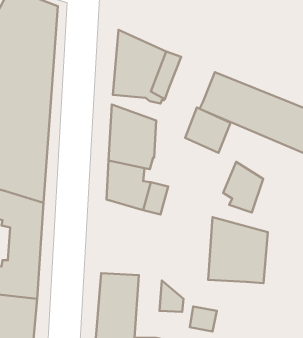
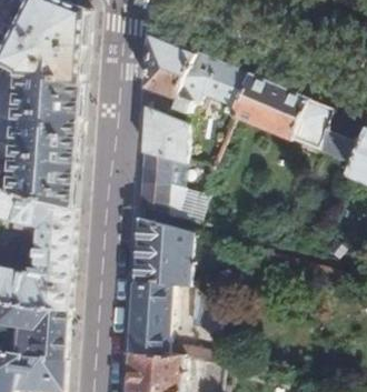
building: [185,108,231,153] -> [201,61,248,108]
building: [223,162,263,213] -> none
building: [208,217,268,283] -> [131,219,192,287]

